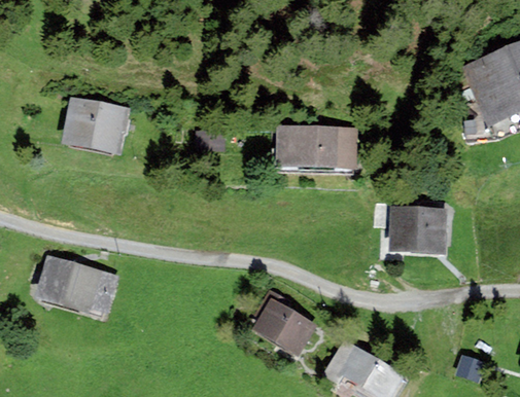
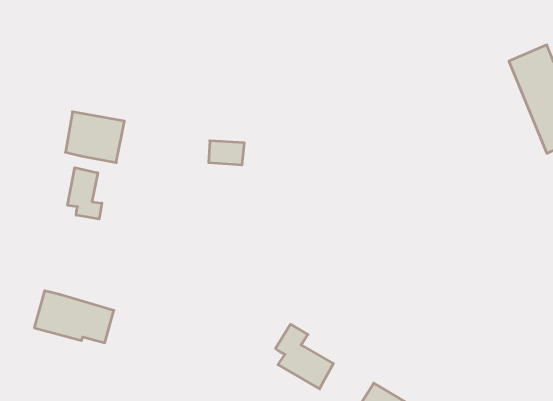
building: [280,129,354,167] -> none
building: none -> [68,168,102,219]
building: [393,212,442,250] -> none

